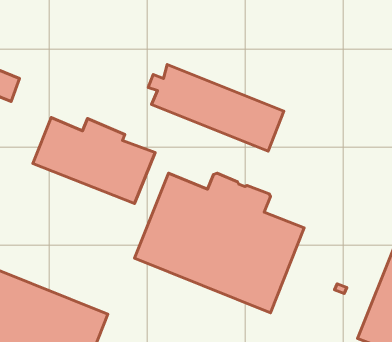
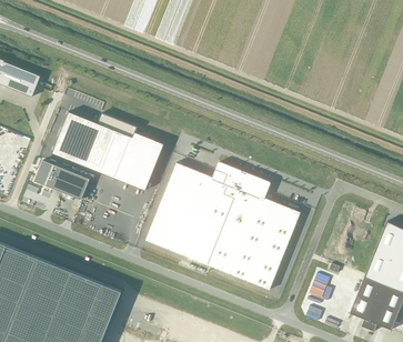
building: [148,64,284,151] -> none
building: none -> [34,161,89,201]

